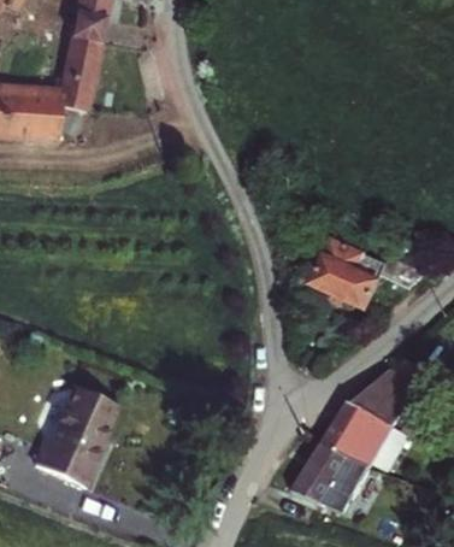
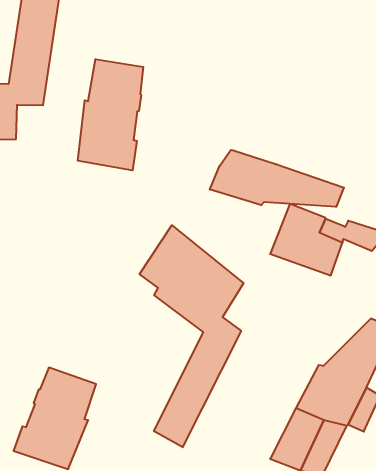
building: none -> [78,59,143,170]
building: none -> [210,150,344,207]
building: none -> [140,225,244,447]

